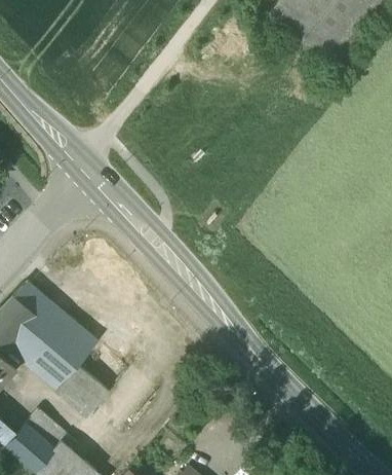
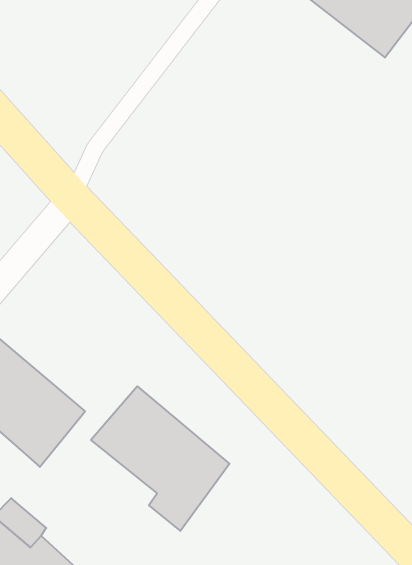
building: none -> [91,386,229,531]

